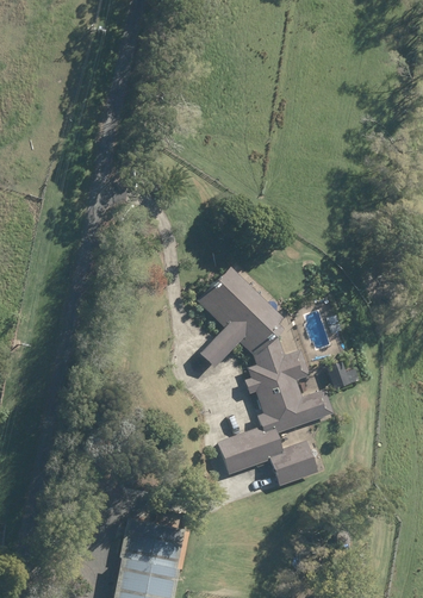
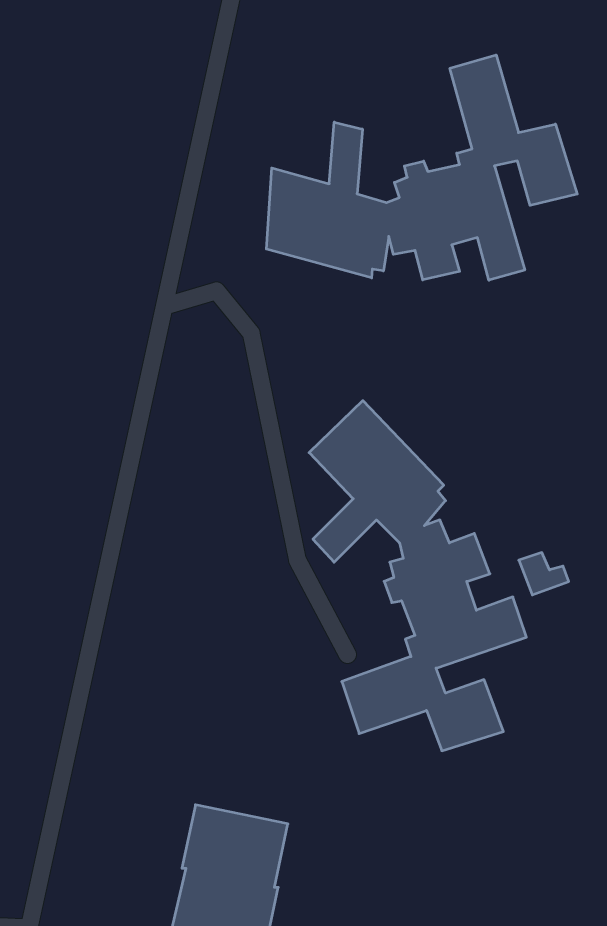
building: none -> [266,55,577,280]

